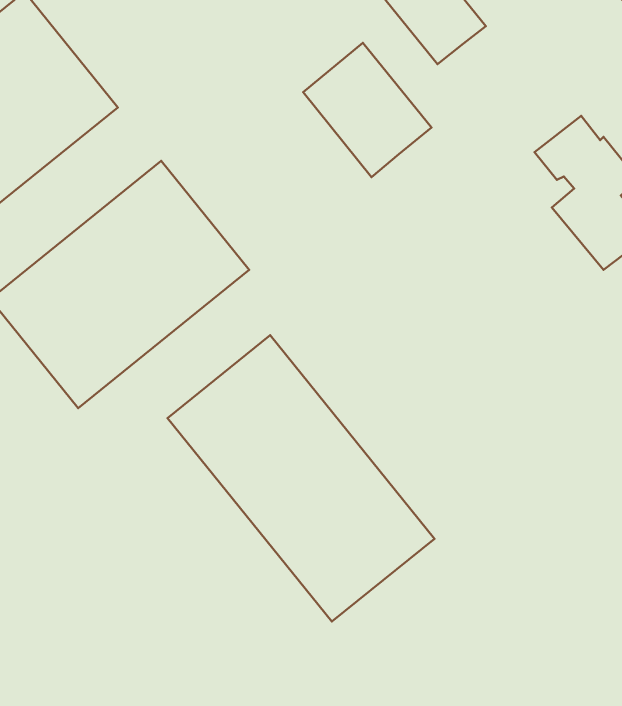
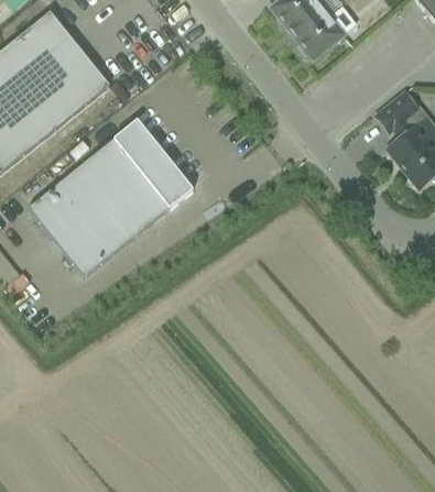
building: [303,43,431,177] -> none
building: [167,335,434,622] -> none

